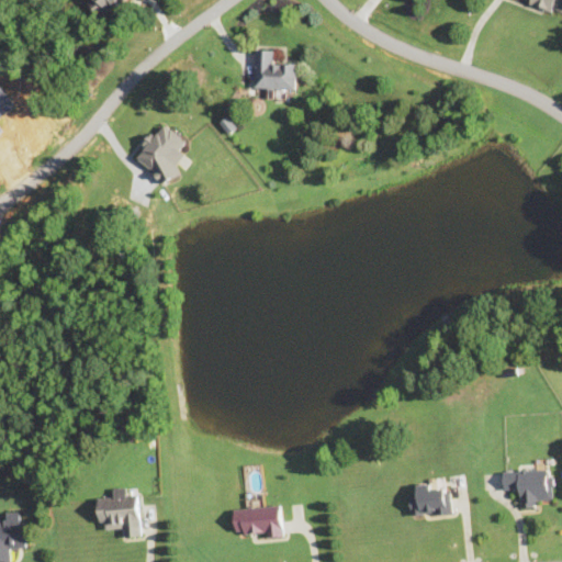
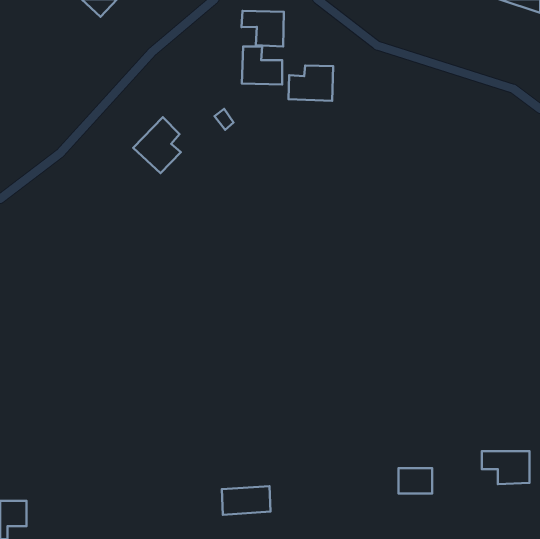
building: none -> [241,11,284,46]
building: none -> [288,66,333,101]
building: [97,487,138,538] -> none

